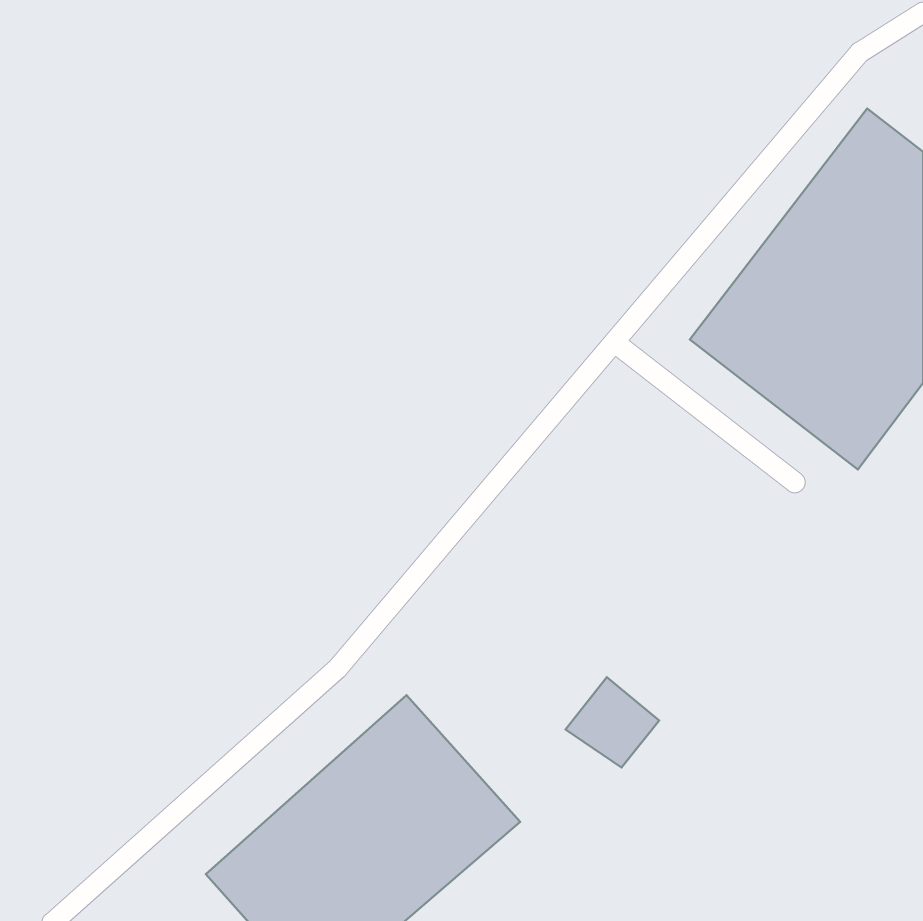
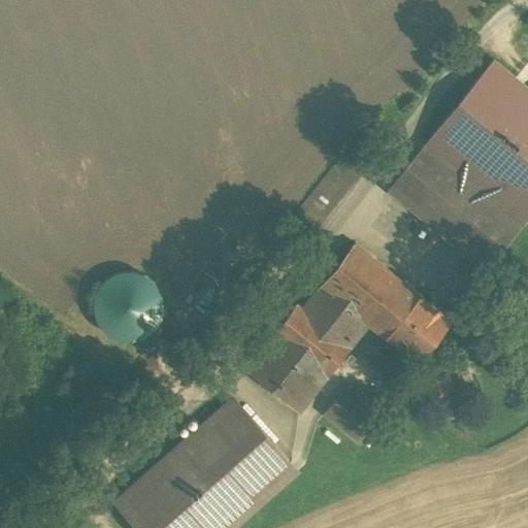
building: none -> [253,245,448,410]
building: none -> [93,271,163,339]

